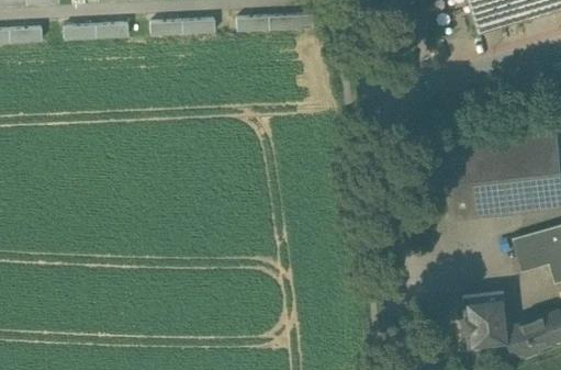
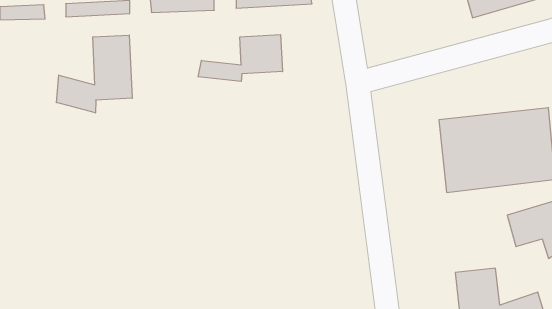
building: none -> [198,35,283,81]
building: none -> [56,35,132,113]

